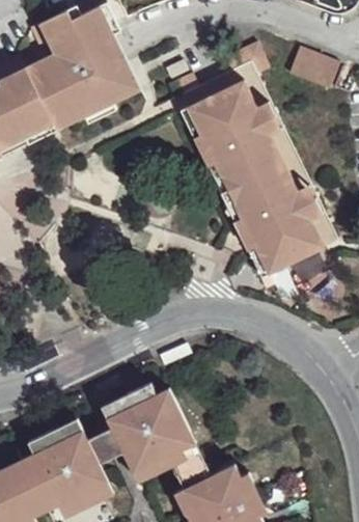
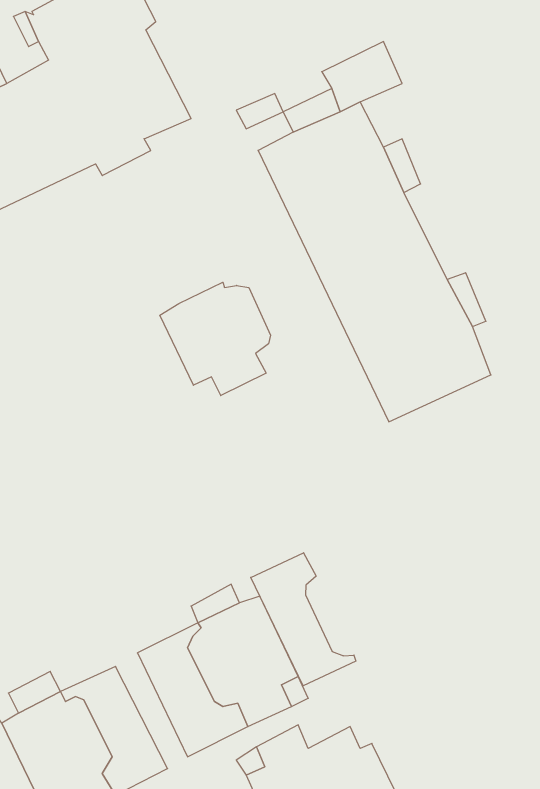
building: [289,45,339,89] -> none
building: none -> [160,282,271,396]
building: none -> [251,553,356,686]

